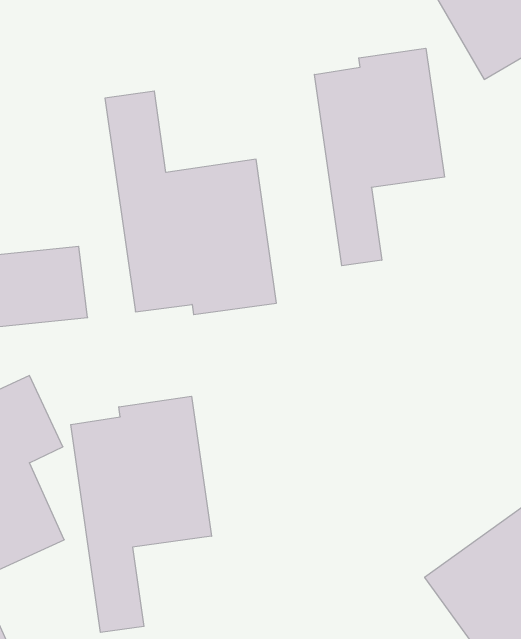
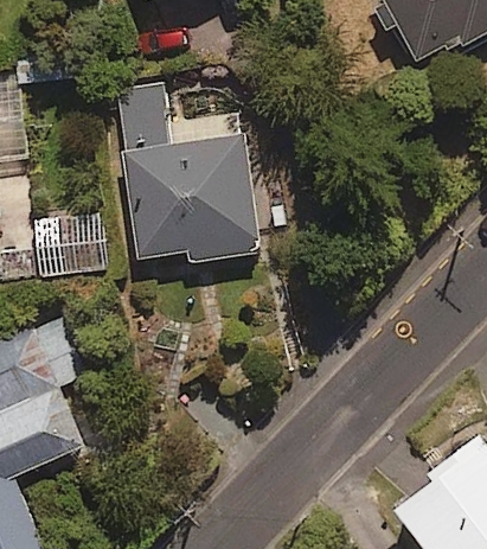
building: [314,48,444,266] -> none
building: [71,396,212,632] -> none

